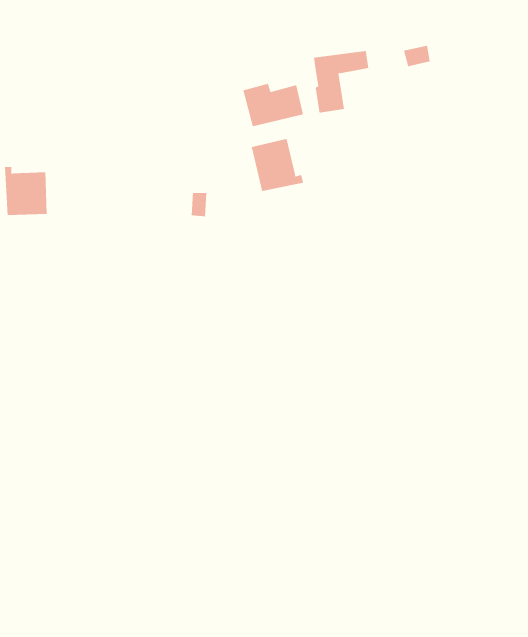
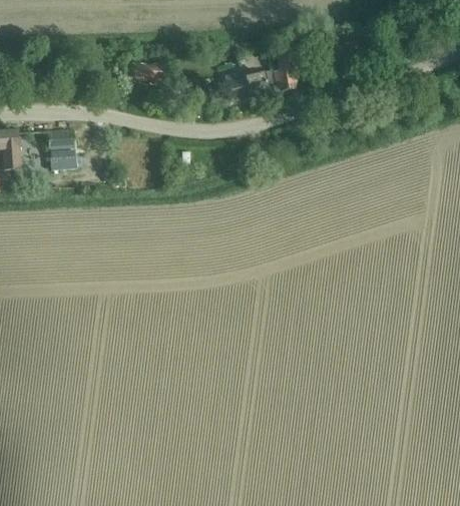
building: none -> [129,66,163,83]
building: [251,138,304,192] -> none

